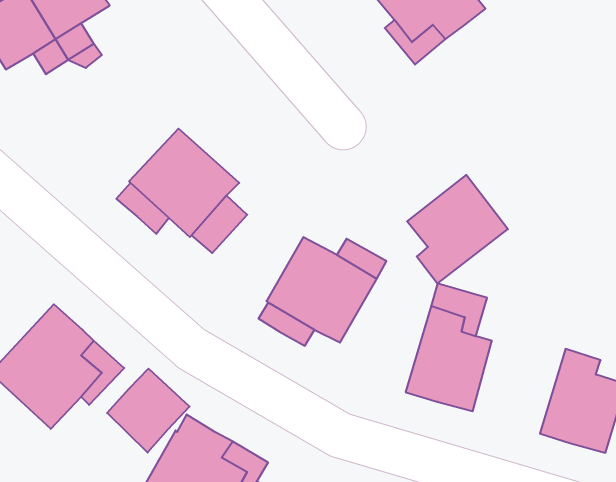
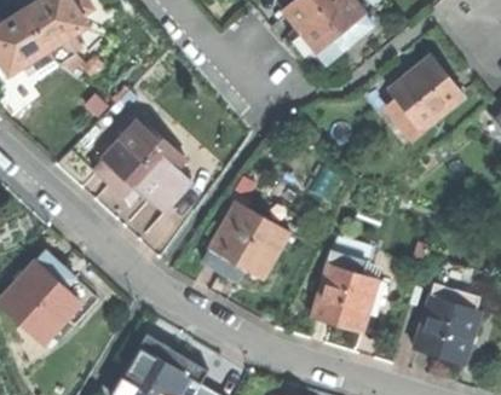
building: [407,175,508,283] -> [386,56,462,138]
building: [107,369,190,453] -> none

